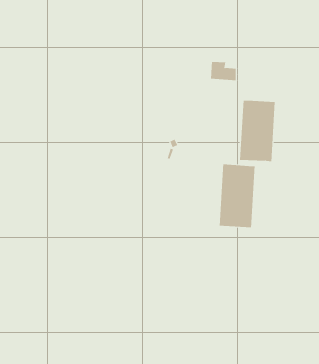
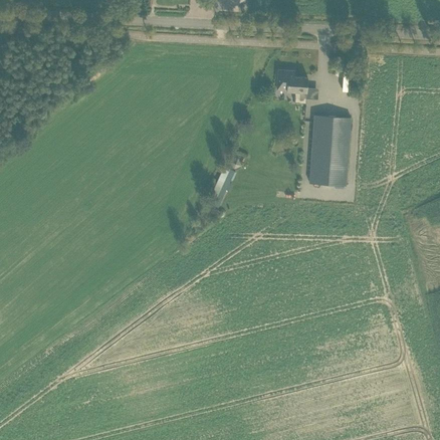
building: [219,163,255,228] -> none

